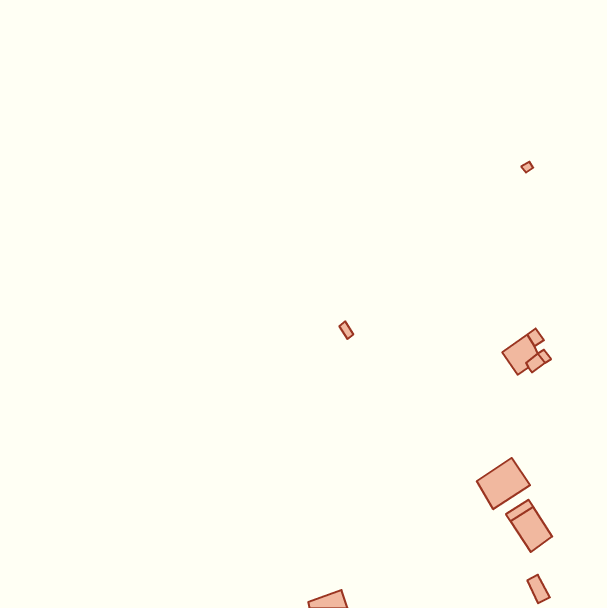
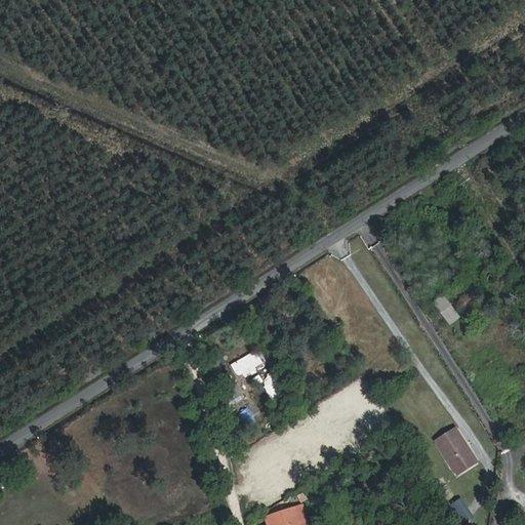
building: none -> [232,351,264,375]
building: [477,458,530,509] -> none

